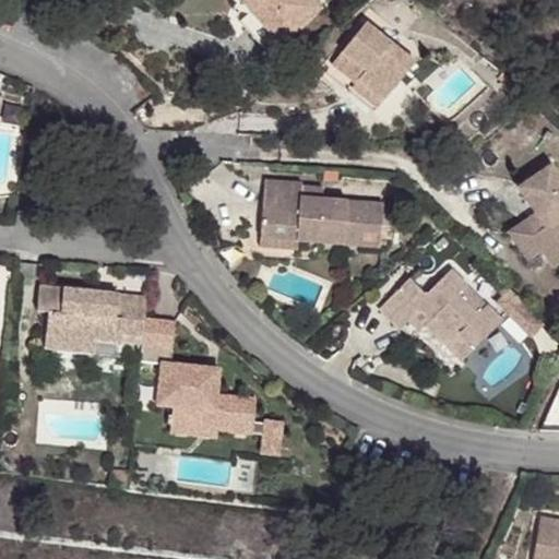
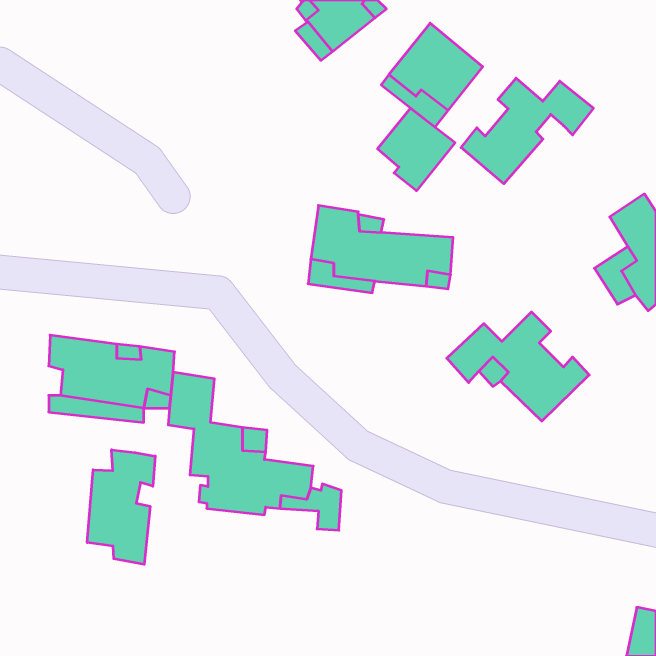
building: none -> [461,78,593,184]
building: none -> [378,108,455,191]
building: none -> [87,450,155,564]

